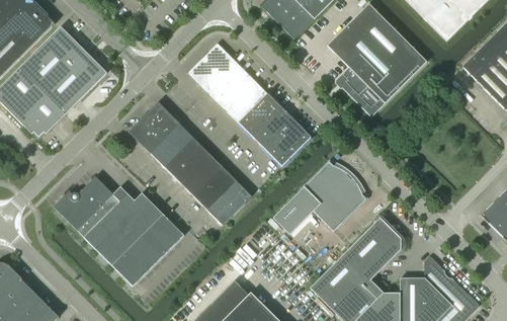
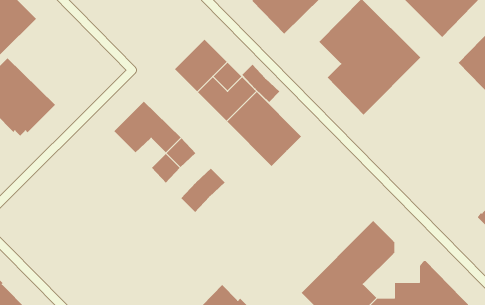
building: [26,26,106,106] -> none
building: none -> [241,64,280,103]
building: [150,139,179,167] -> none
building: [179,153,223,196] -> none
building: [272,161,365,234] -> none
building: [53,176,184,286] -> none
building: [207,181,251,225] -> none

